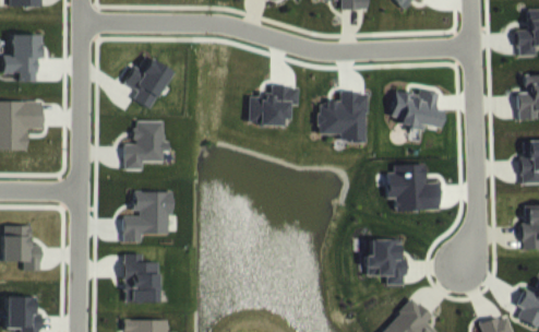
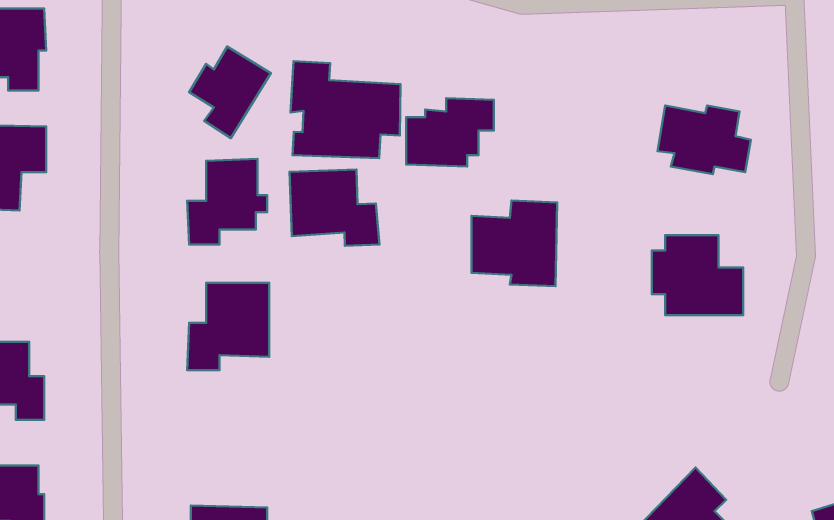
building: none -> [291,61,401,158]
building: [319,92,368,141] -> [472,201,557,286]
building: none -> [289,169,379,246]
building: [366,239,405,284] -> none
building: [123,253,157,303] -> none

